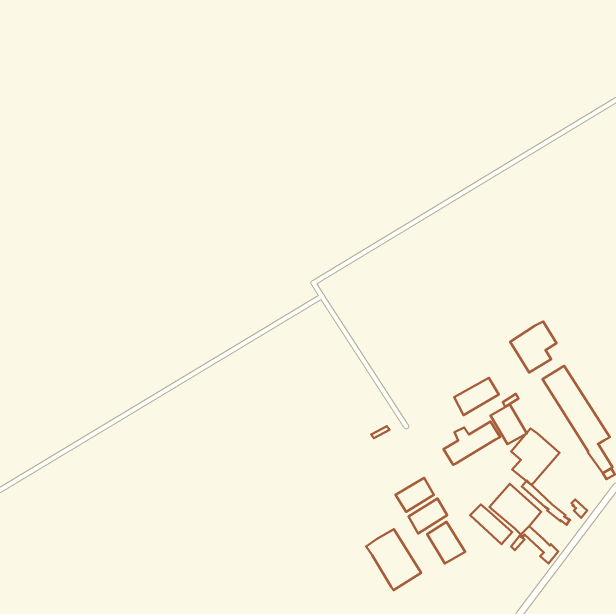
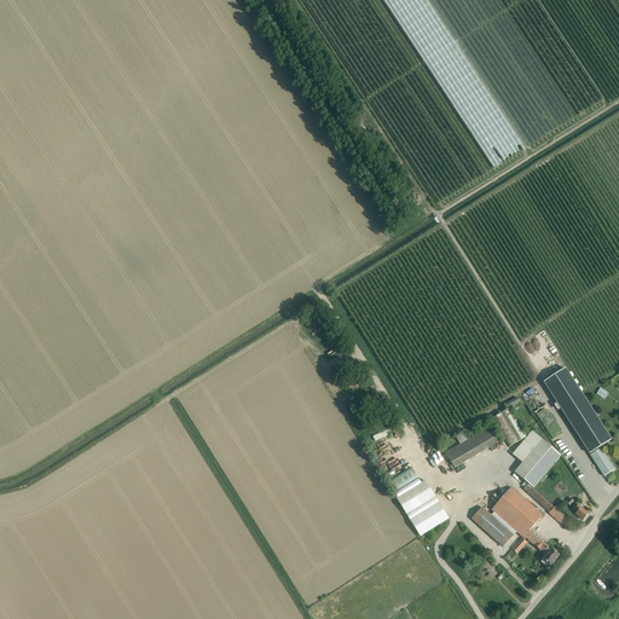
building: [510,322,556,372] -> none
building: [454,378,499,415] -> none
building: [427,522,465,563] -> none
building: [366,529,421,590] -> none

